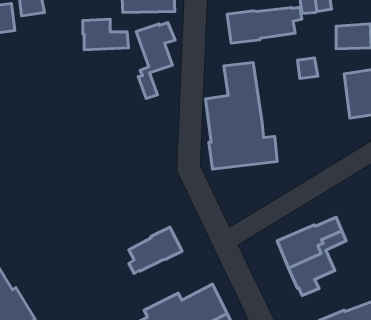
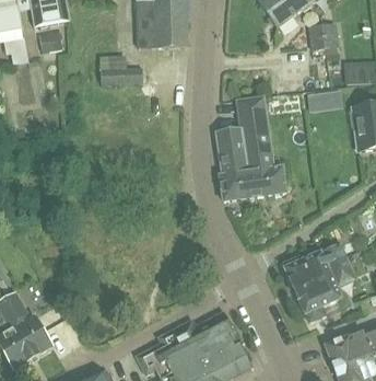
building: [227,7,302,43] -> none
building: [136,22,175,99] -> none
building: [129,227,182,273] -> none

